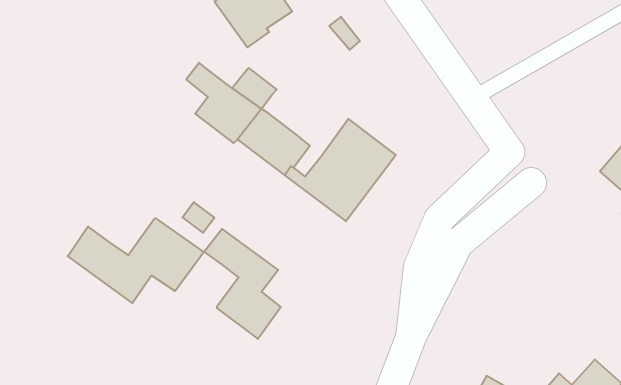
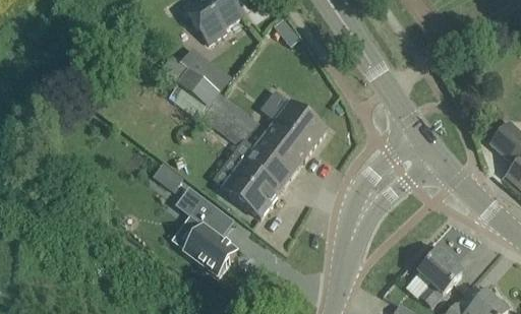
building: none -> [212,144,287,216]
building: [68,218,204,303] -> none
building: none -> [405,248,462,304]

